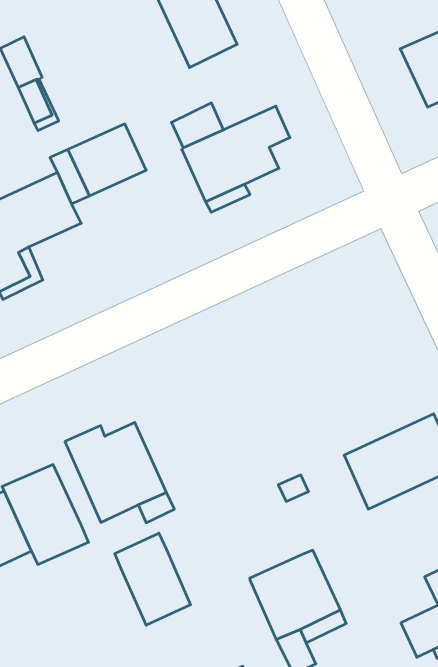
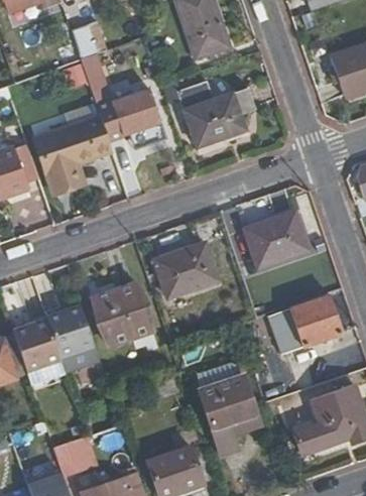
building: none -> [246,213,308,266]
building: none -> [156,243,218,296]
building: [115,533,191,625] -> none

